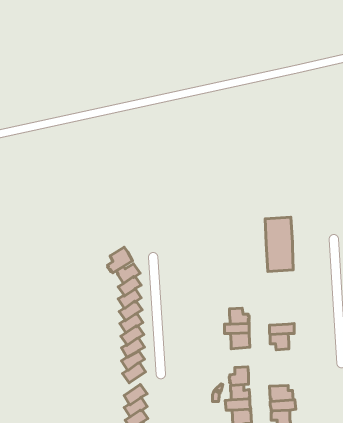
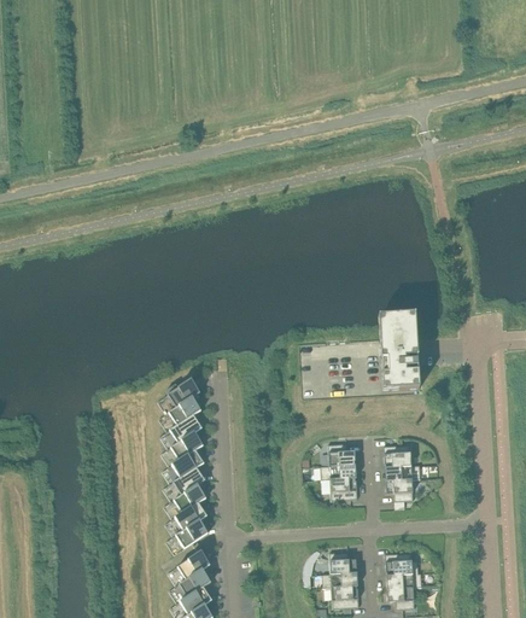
building: [107,247,132,273] -> none
building: none -> [384,443,411,466]
building: [229,367,249,385] -> none

